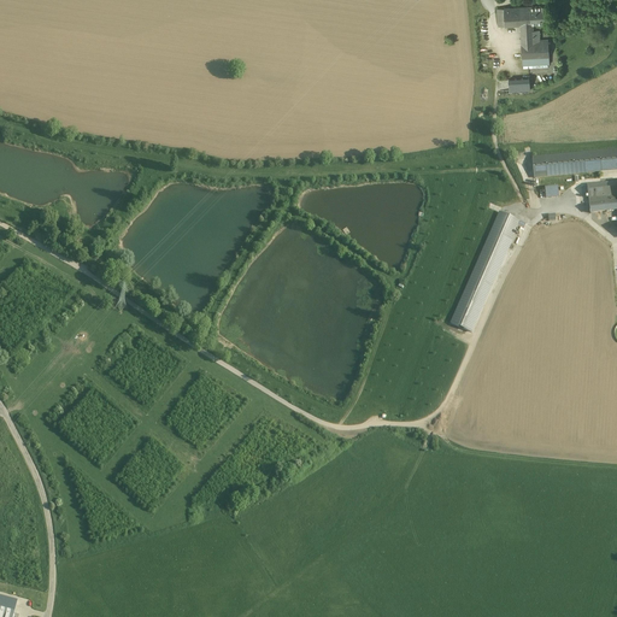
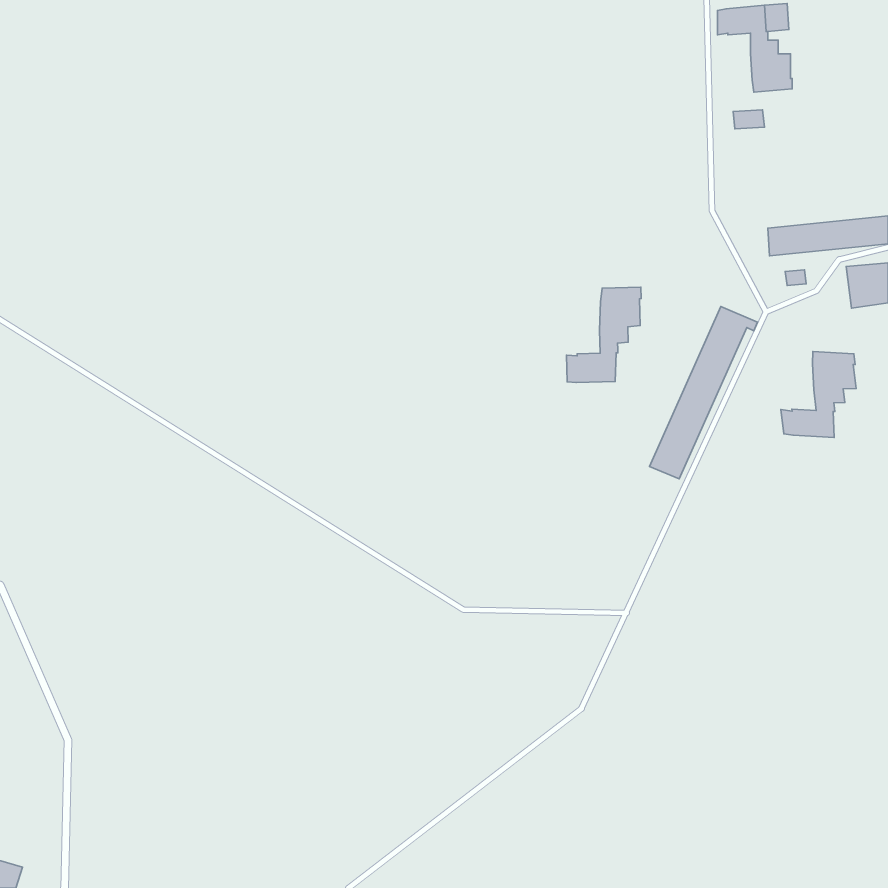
building: none -> [567,287,641,383]
building: none -> [781,352,856,438]

